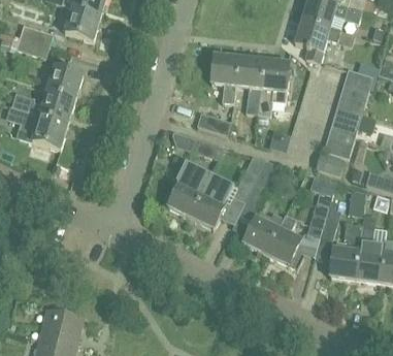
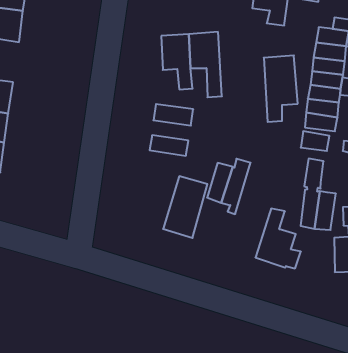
building: [257,59,288,115] -> [264,55,298,122]
building: [167,162,210,218] -> none
building: [242,215,282,254] -> none

